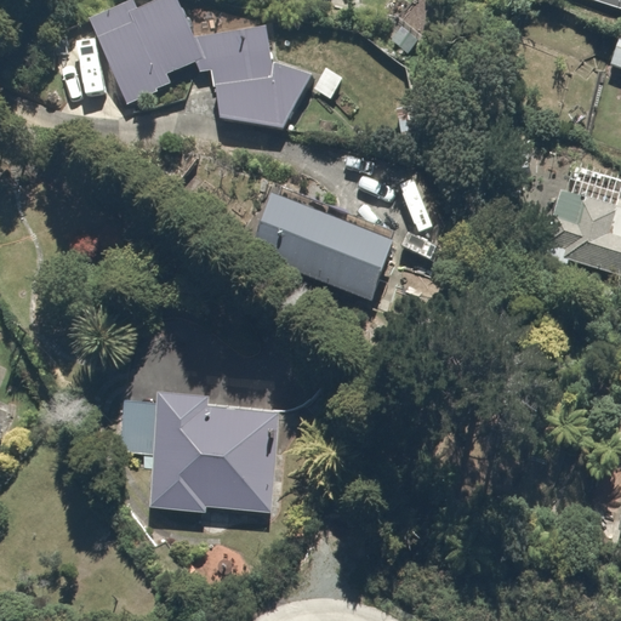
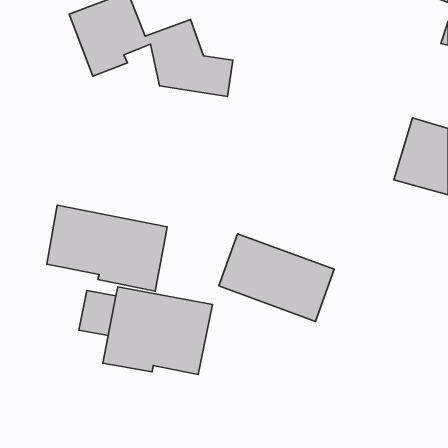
building: [246,186,404,306] -> [219,234,334,321]
building: none -> [47,205,167,291]

